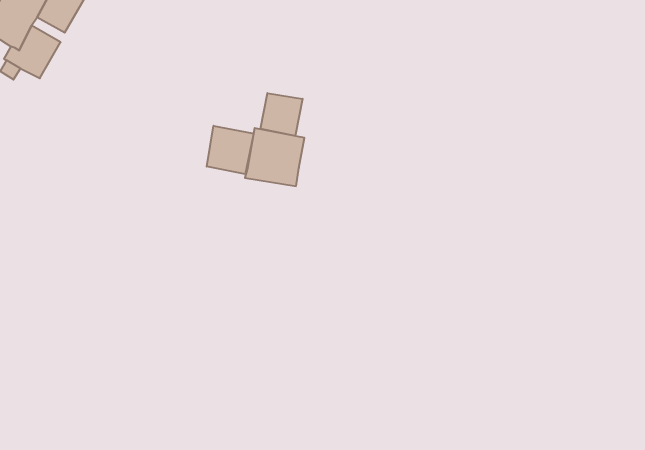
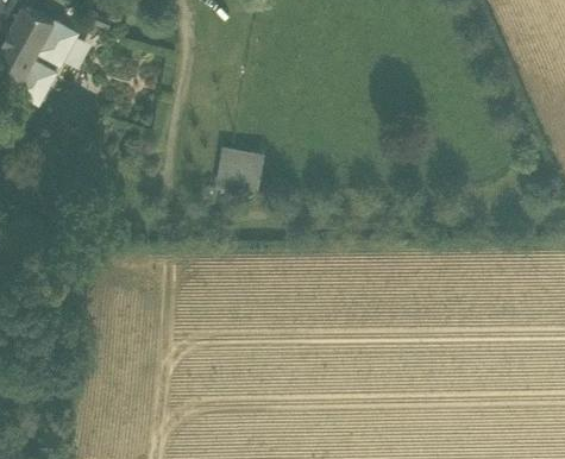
building: [261,93,303,136] -> none
building: [207,126,253,174] -> none

